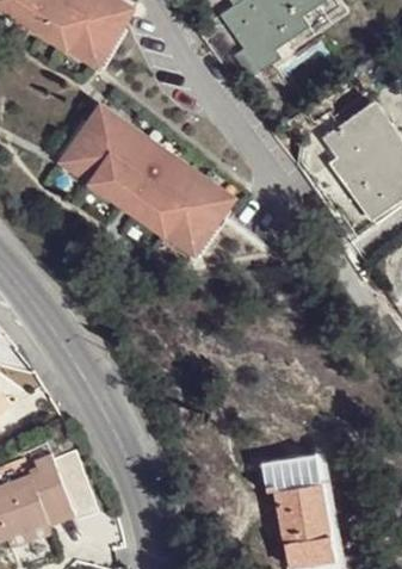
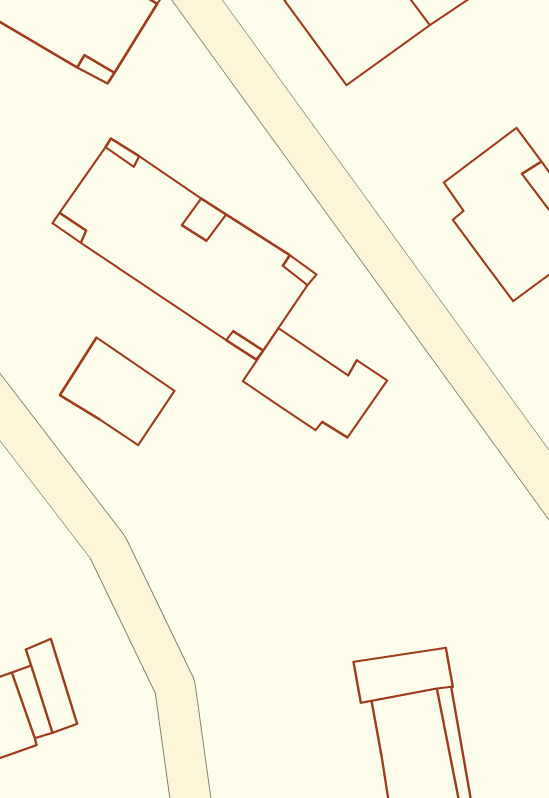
building: none -> [243,328,387,438]
building: none -> [60,337,175,445]

